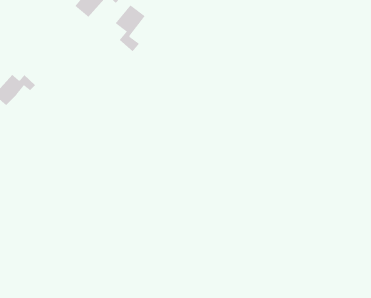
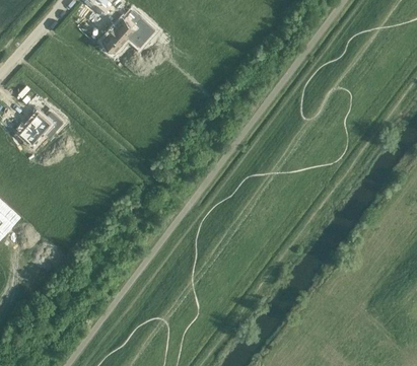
building: [115,4,145,52] -> none

